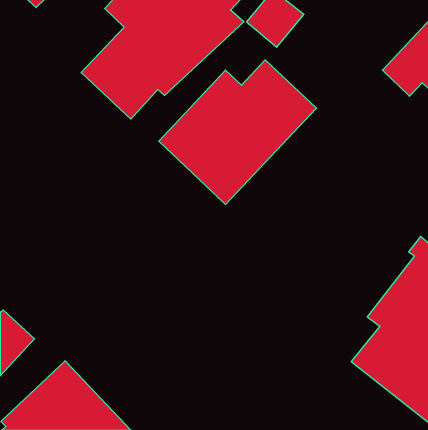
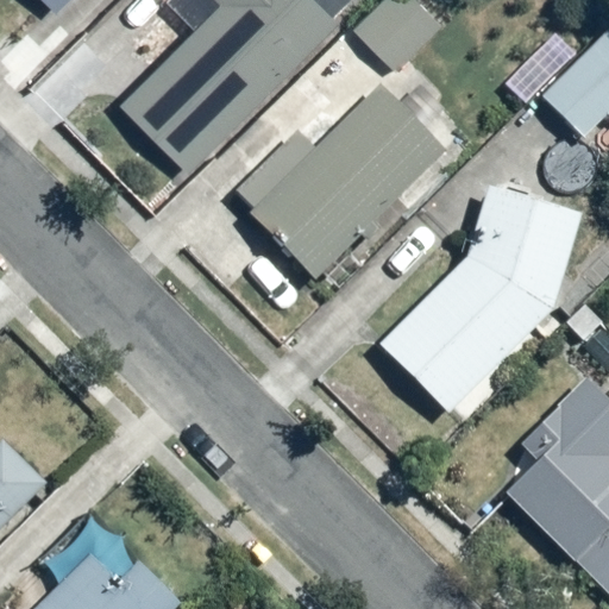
building: none -> [379,184,583,415]

